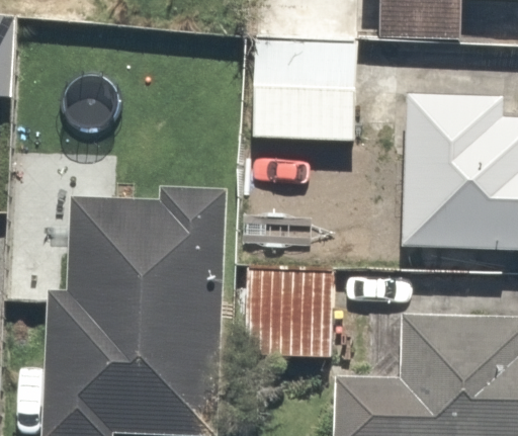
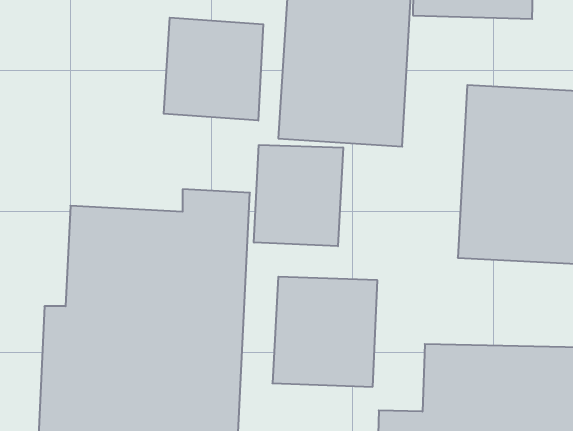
building: none -> [164,18,263,121]
building: none -> [254,145,343,246]

